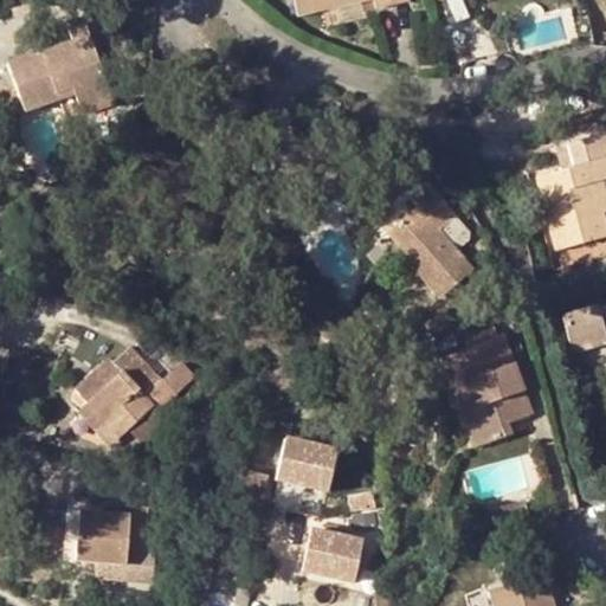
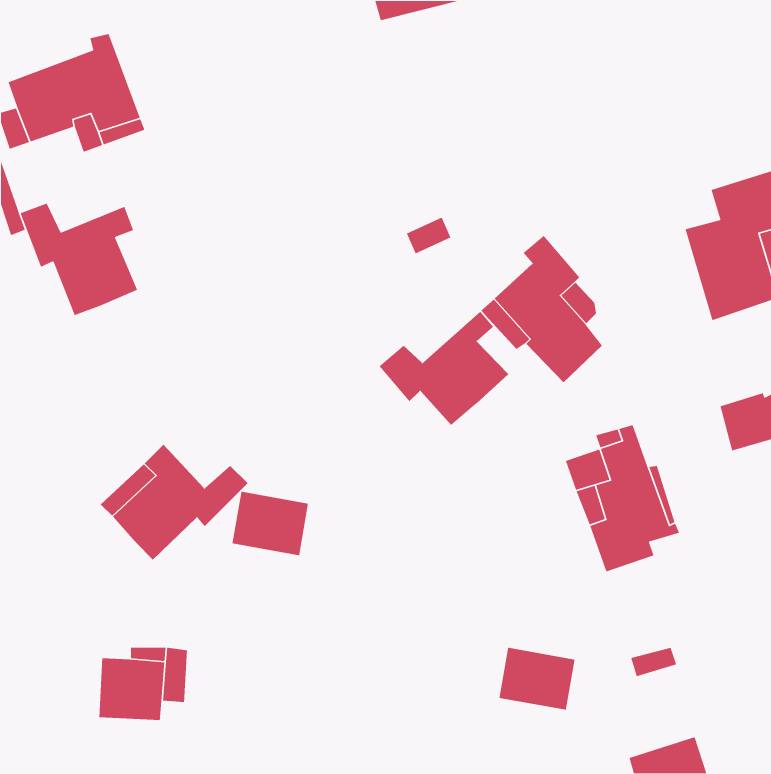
building: none -> [20,202,138,316]
building: none -> [378,311,509,426]
building: [272,441,333,492] -> [232,491,309,556]
building: [302,531,362,581] -> [498,647,576,711]

